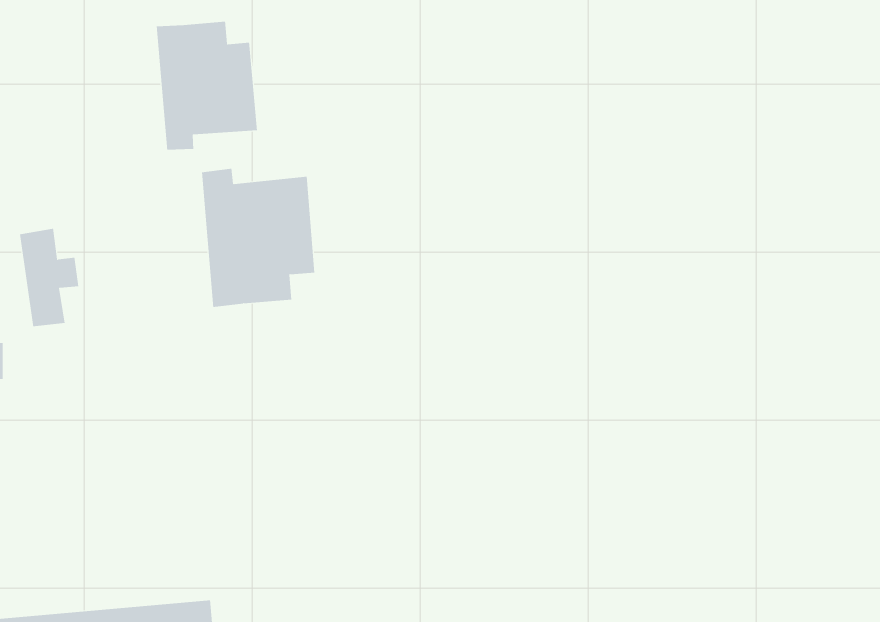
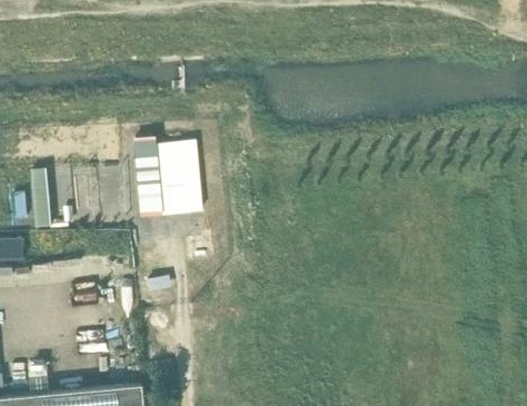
building: [156,21,258,151] -> none

